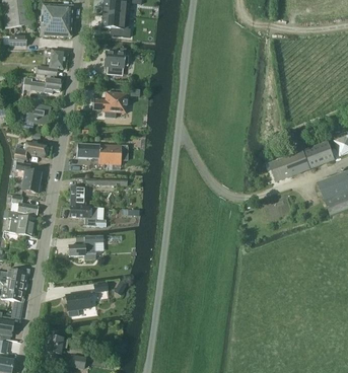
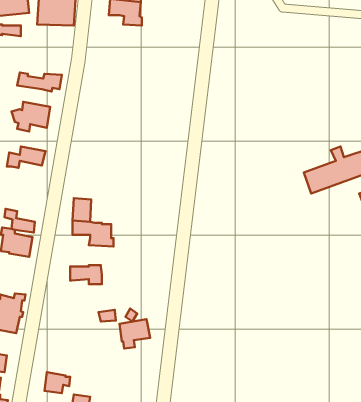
building: [103,48,128,76] -> none
building: [37,49,65,76] -> none
building: [93,92,126,118] -> none
building: [76,144,121,164] -> none
building: [15,158,41,193] -> none
building: [65,291,91,316] -> [120,319,150,348]

